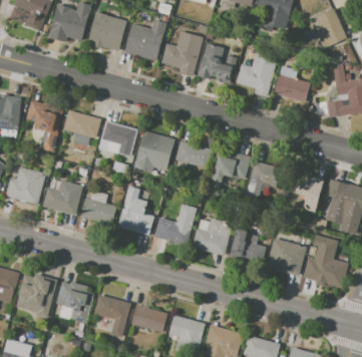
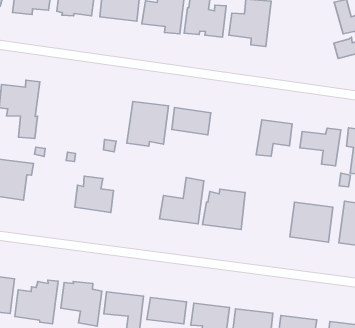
building: [273,66,309,101] -> none
building: [63,110,100,144] -> none
building: [100,120,138,157] -> none
building: [211,151,251,184] -> none
building: [42,181,81,216] -> none
building: [117,186,154,236] -> none
building: [229,229,265,265] -> none

